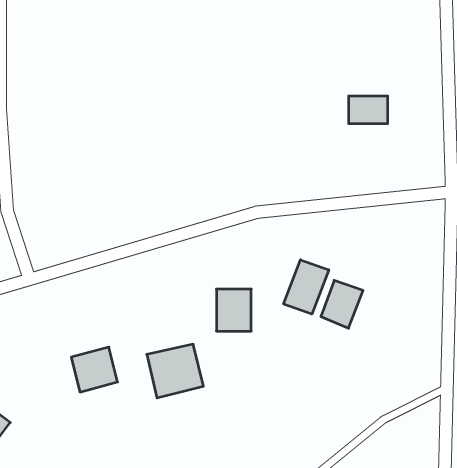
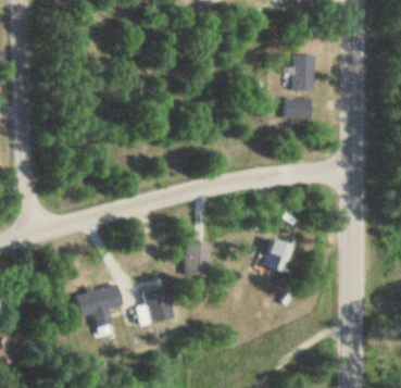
building: none -> [291,54,315,90]
building: [284,260,329,314] -> none

